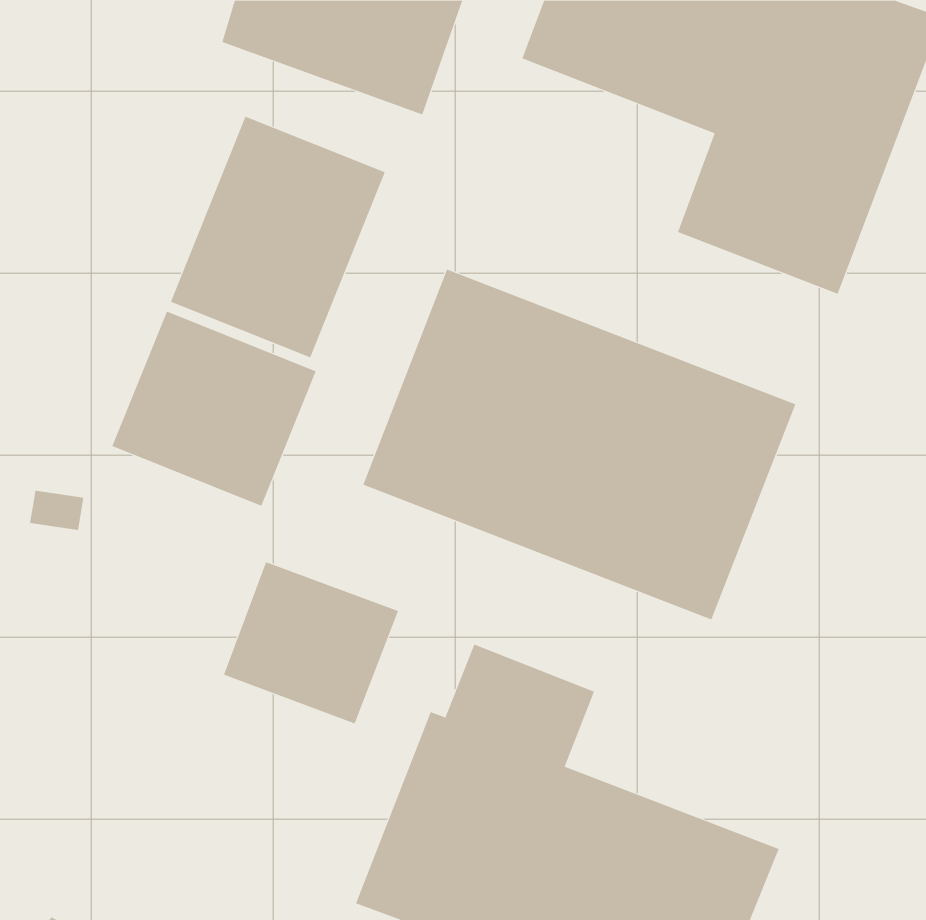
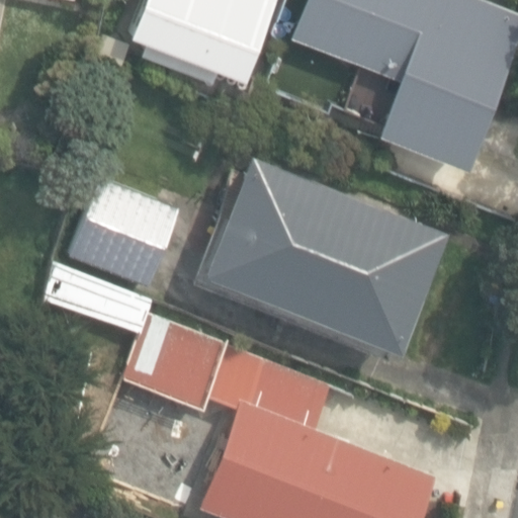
building: [170,116,386,358] -> none

